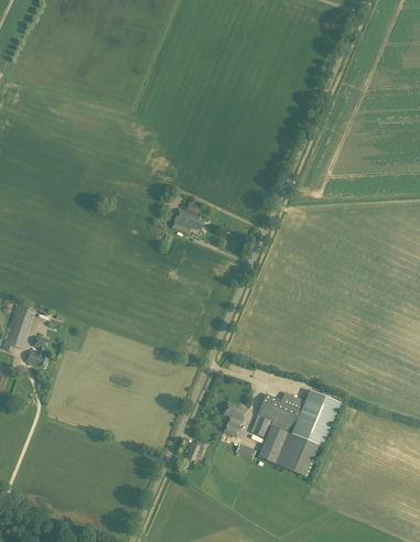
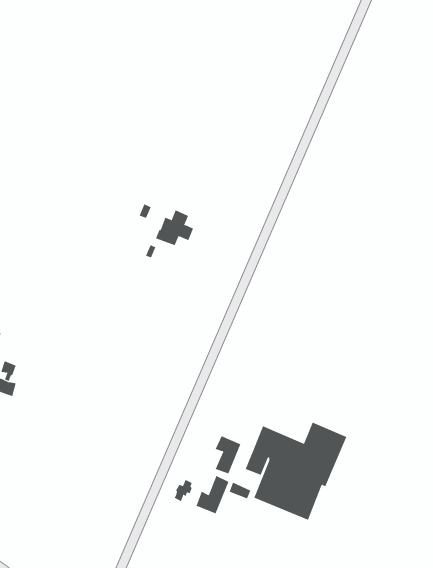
building: none -> [196,475,229,514]

